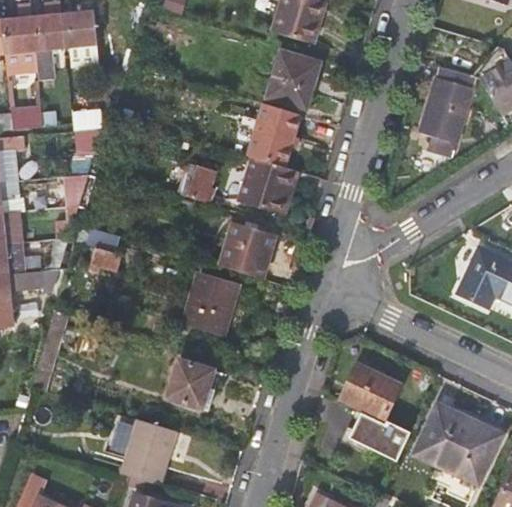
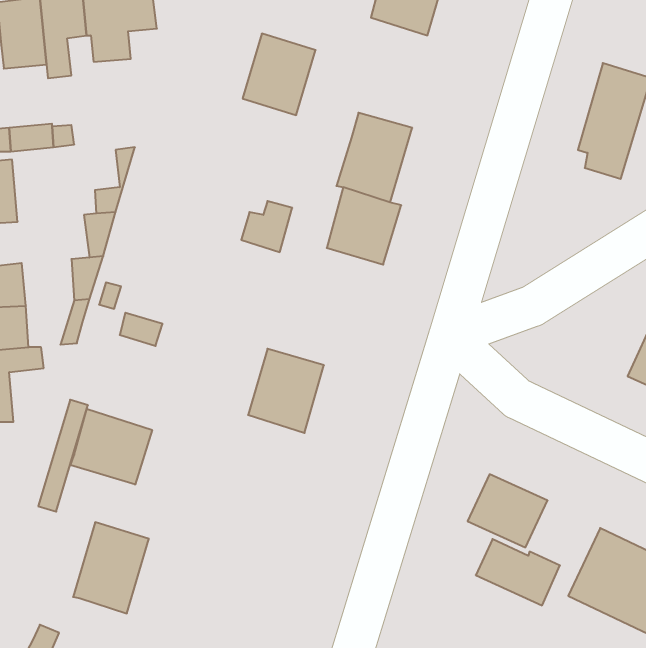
building: [267,50,320,109] -> [243,34,316,115]
building: [219,222,274,279] -> none
building: none -> [71,409,152,485]
building: [166,359,213,408] -> none
building: [121,418,176,484] -> [73,522,149,613]

